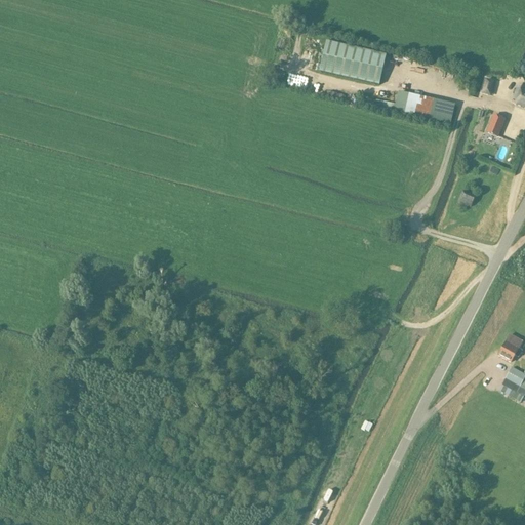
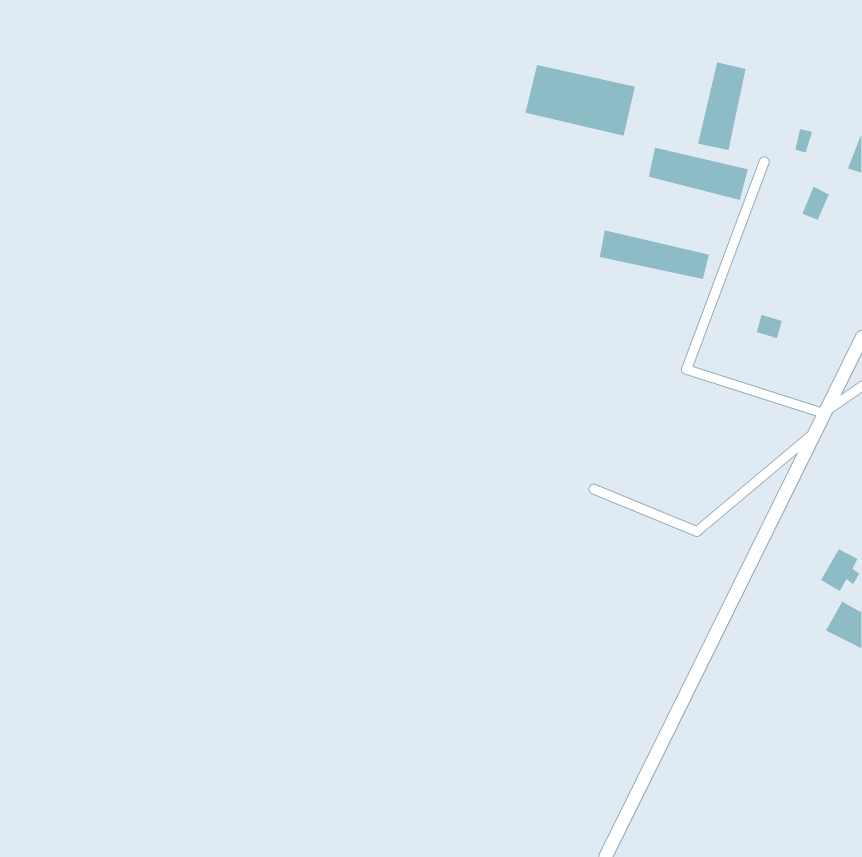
building: none -> [697,61,746,151]
building: none -> [599,230,710,280]

